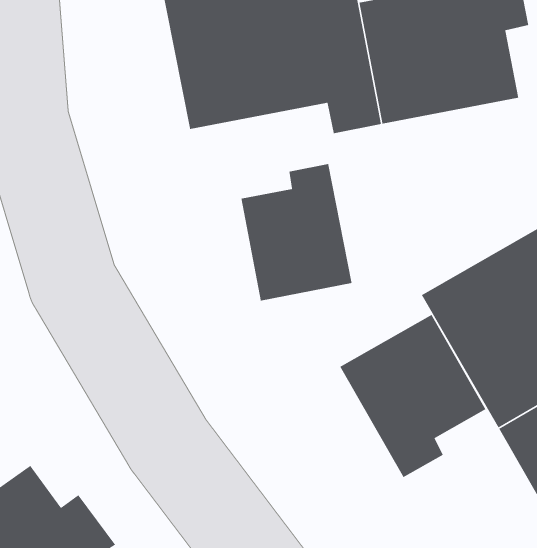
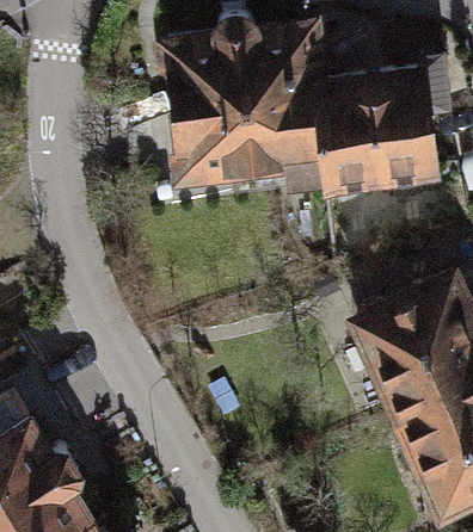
building: [240,163,352,301] -> none
building: [339,314,486,478] -> none

